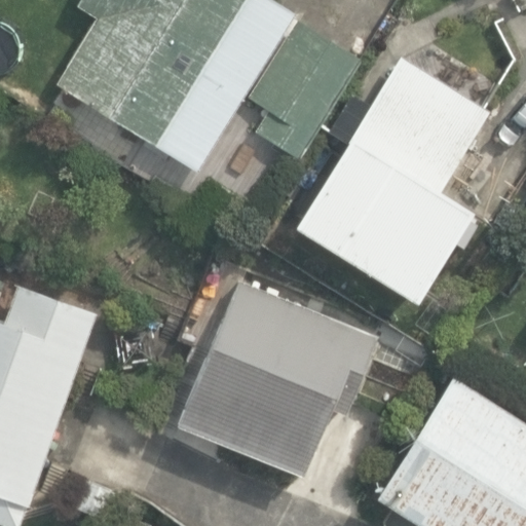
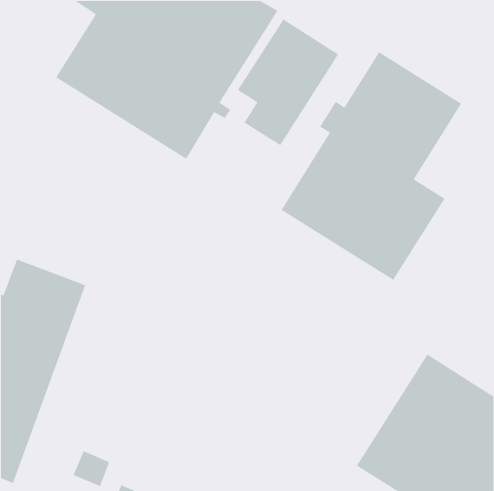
building: [181,286,377,477] -> none

